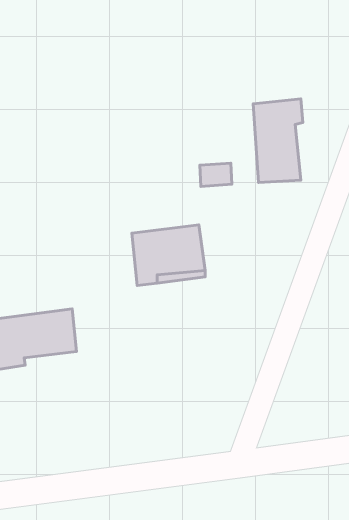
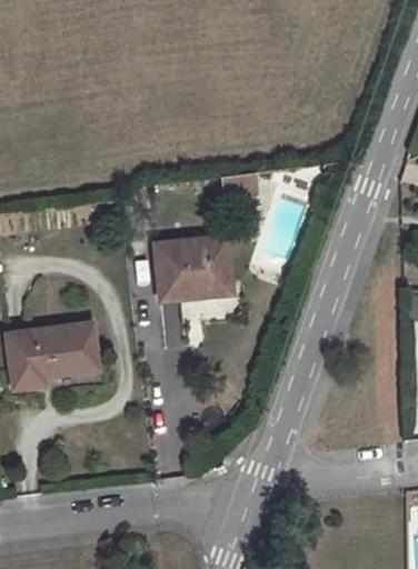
building: [253,99,303,183] -> none

